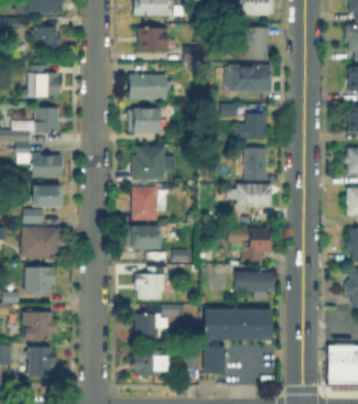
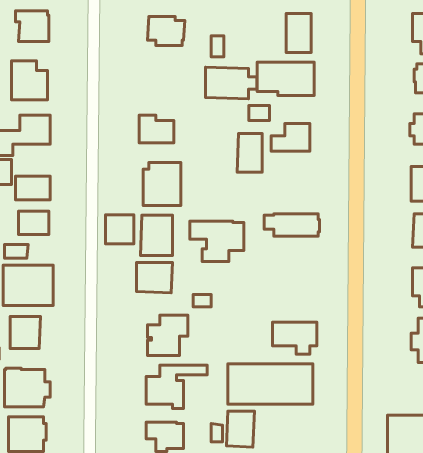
building: [130,75,171,100] -> [205,67,257,99]
building: [245,150,264,181] -> [237,133,262,172]
building: none -> [106,215,134,244]
building: [230,229,273,261] -> [190,221,244,261]

